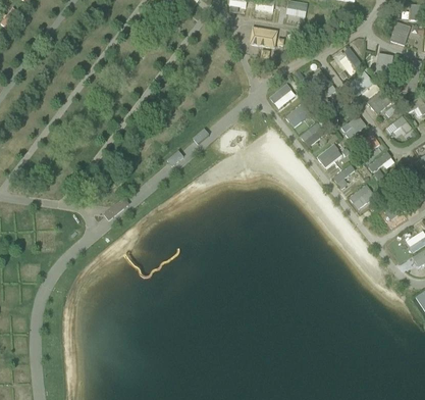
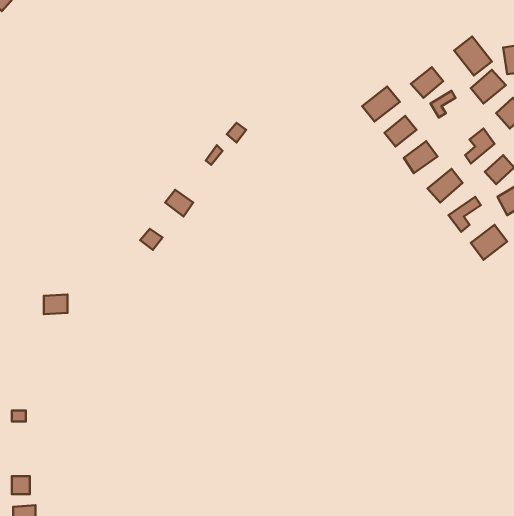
building: [251,27,279,48] -> none

